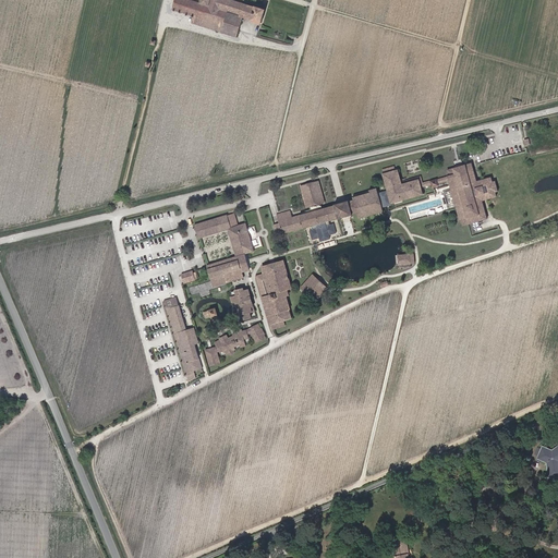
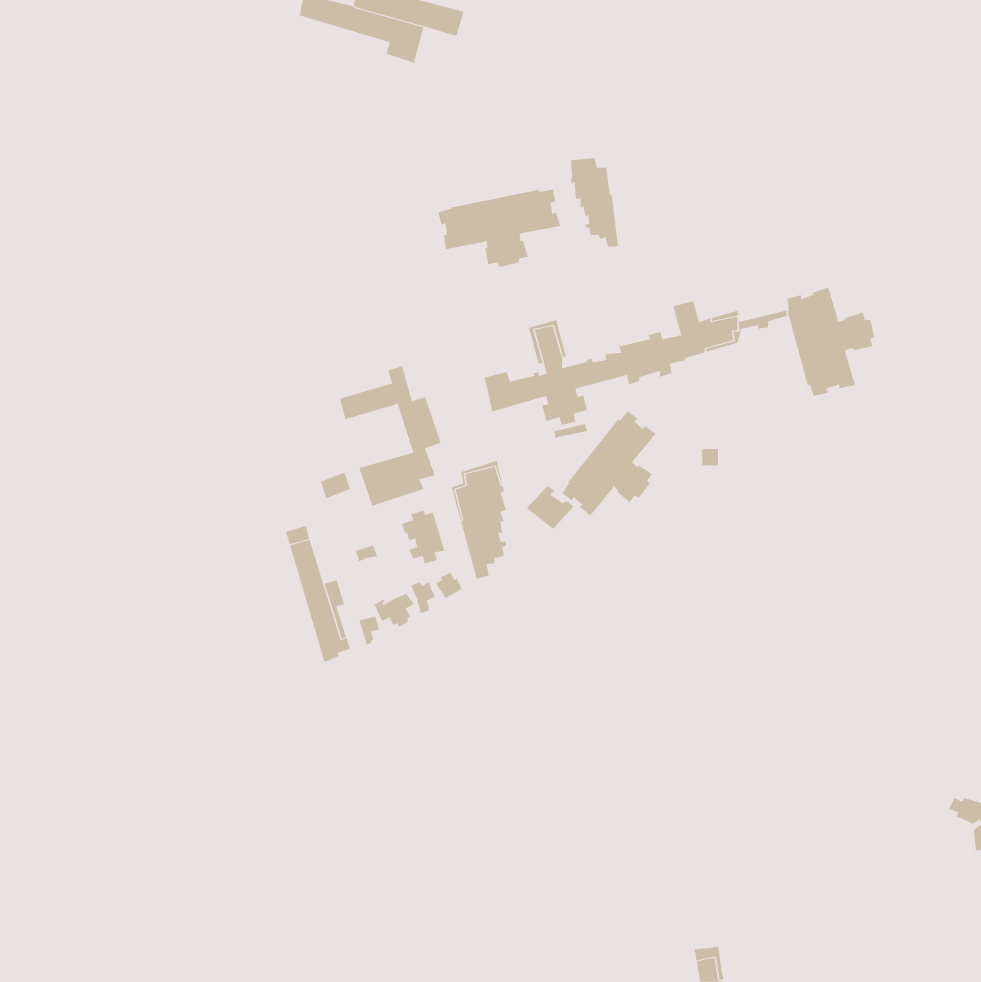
building: none -> [570,157,618,248]
building: none -> [438,189,561,268]
building: none -> [561,411,657,516]

